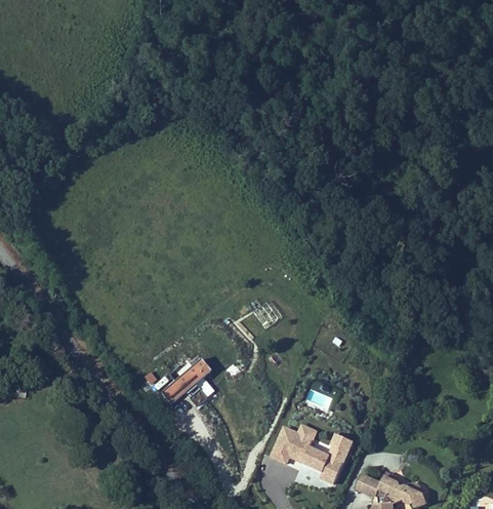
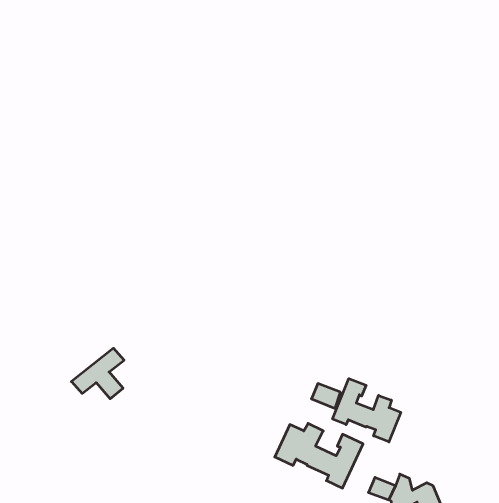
building: [160,359,210,407] -> [71,348,124,399]
building: none -> [333,379,401,442]

